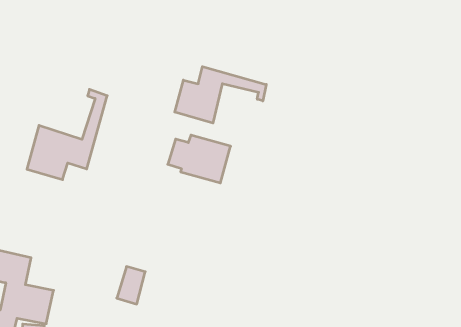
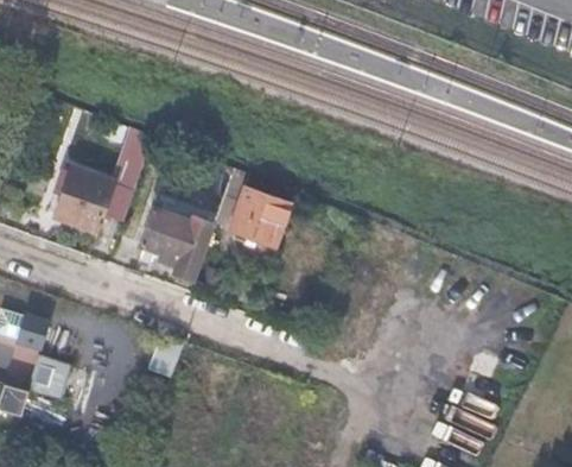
building: [175,67,266,123] -> none
building: none -> [136,202,211,282]

